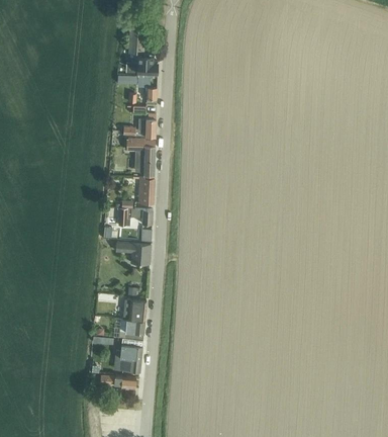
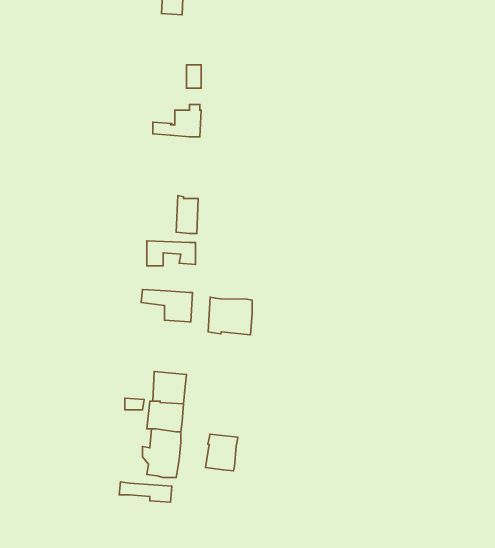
building: [124,55,156,73] -> none
building: [125,140,154,176] -> none
building: none -> [208,297,252,335]
building: none -> [206,434,238,471]

